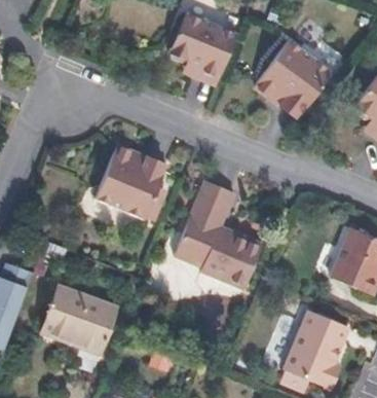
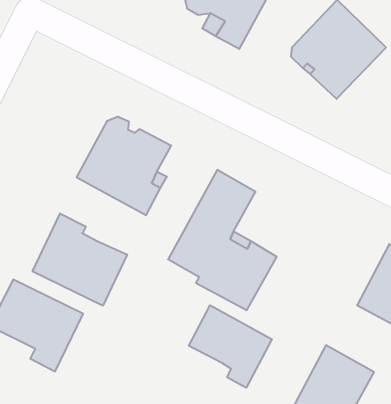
building: none -> [33,213,127,306]
building: none -> [189,305,272,388]

